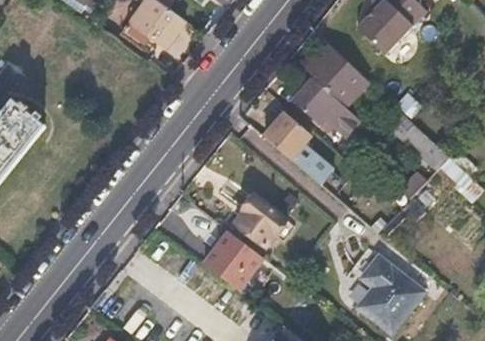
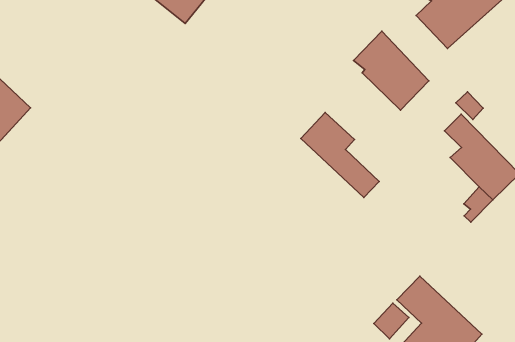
building: [295,81,362,138] -> none
building: [237,197,287,249] -> none
building: [206,235,265,292] -> none

